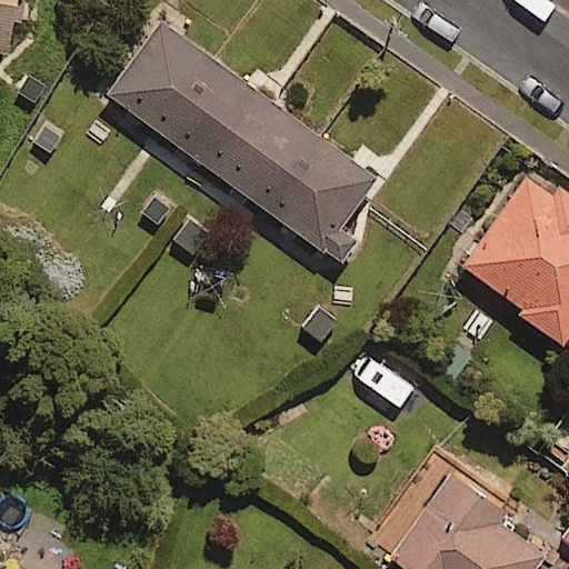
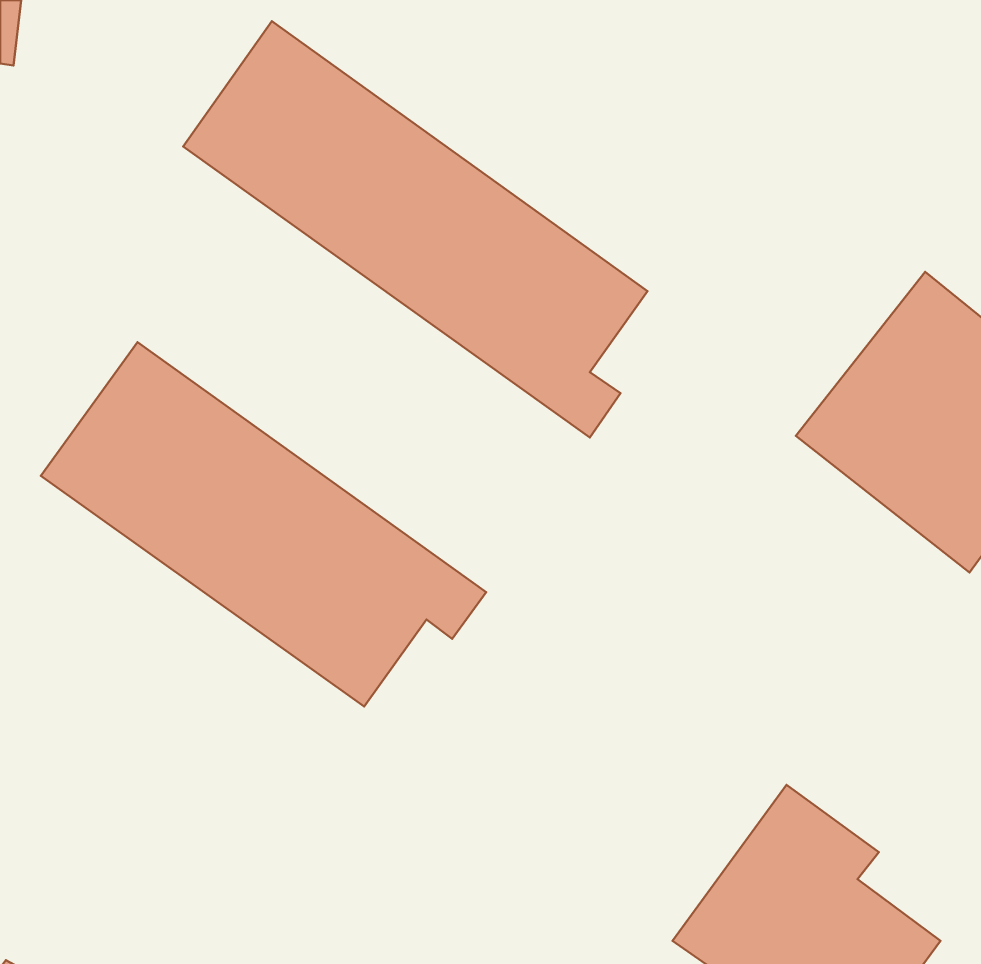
building: none -> [41,342,486,706]

